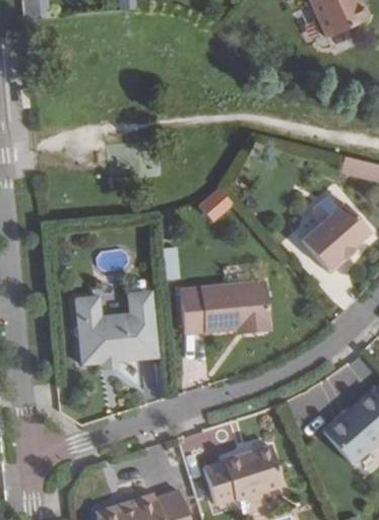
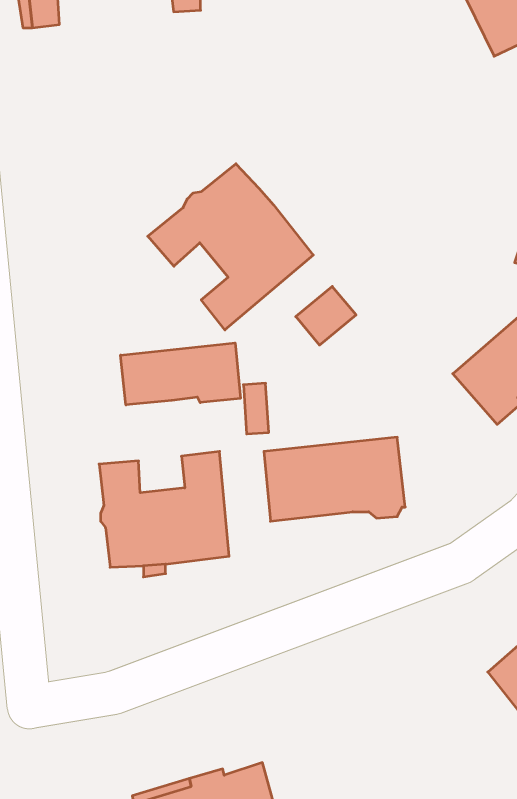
building: none -> [148,164,313,330]
building: none -> [121,343,240,405]
building: [202,444,282,506] -> none

